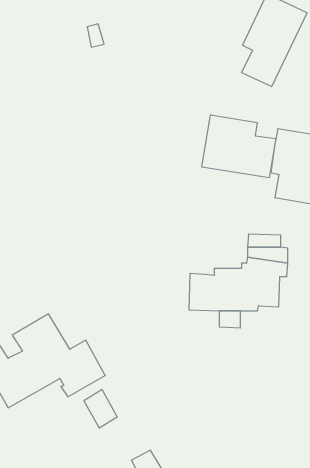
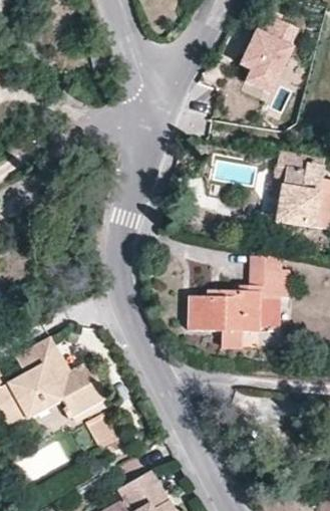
building: [202,115,276,178] -> none

